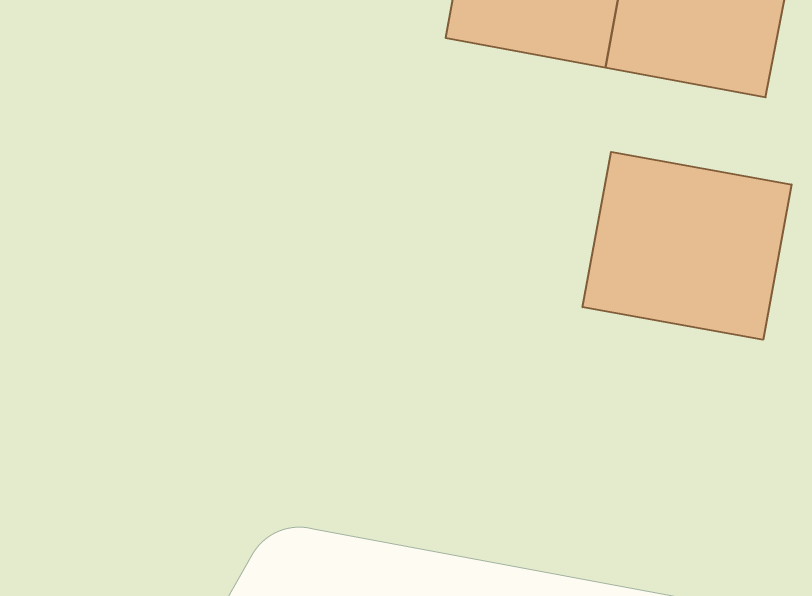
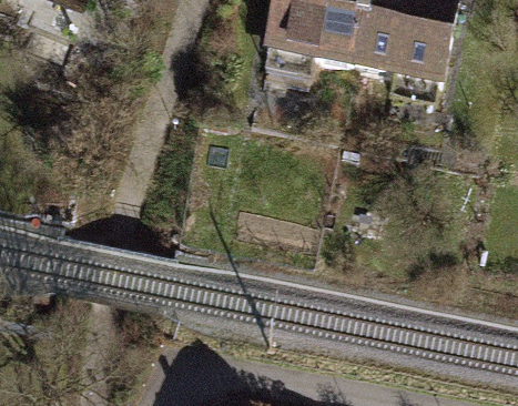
building: [583,152,792,340] -> none

